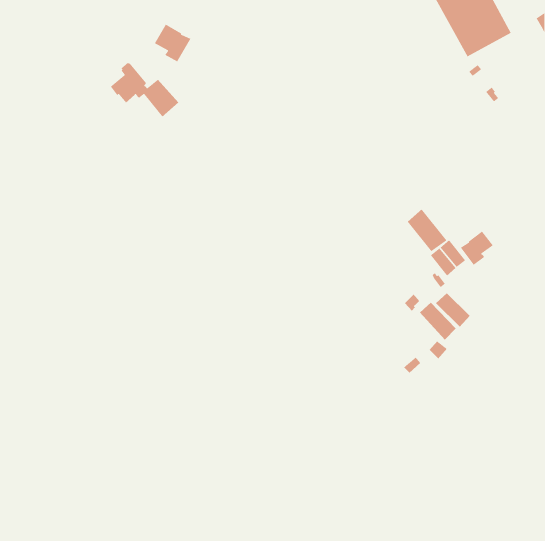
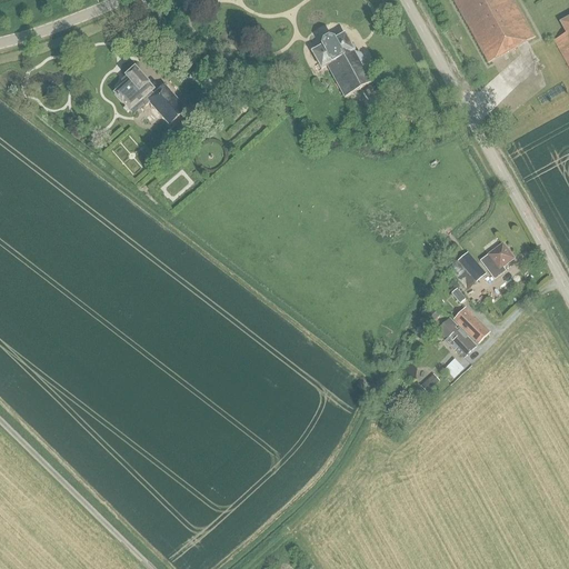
building: [154,24,192,63] -> none
building: none -> [312,31,371,94]
building: [407,209,447,252] -> none

